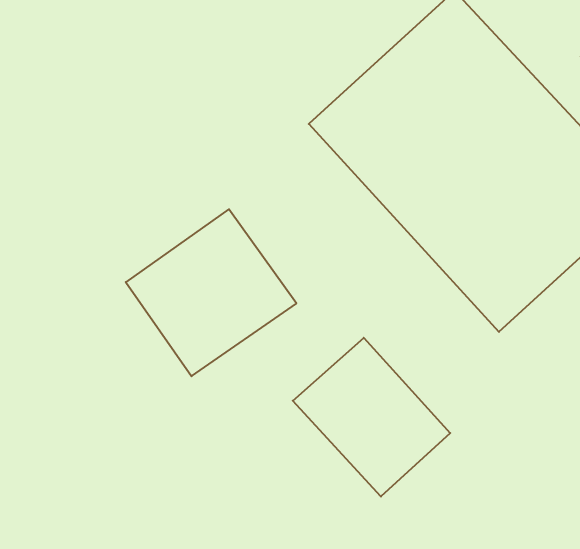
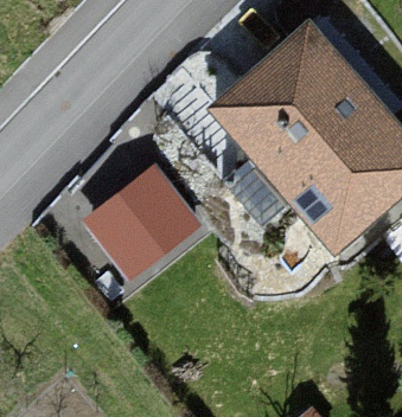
building: [293,338,450,497] -> none

